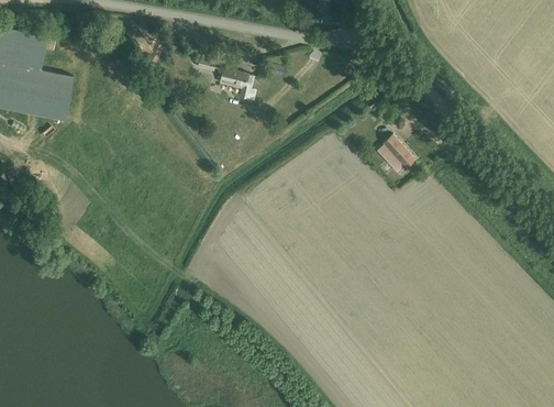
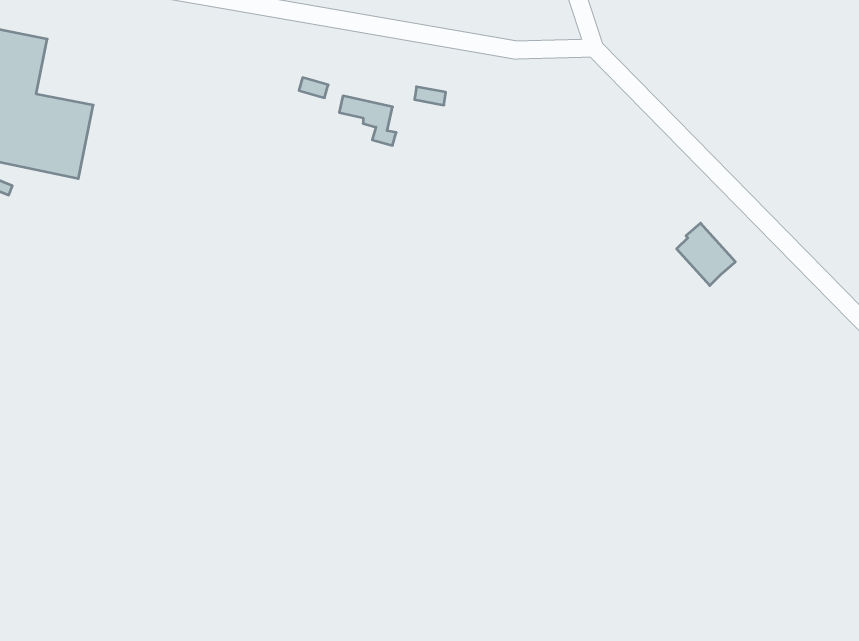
building: [378,136,413,174] -> [677,223,735,286]

